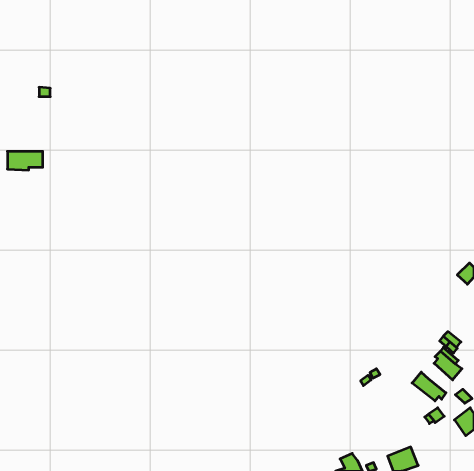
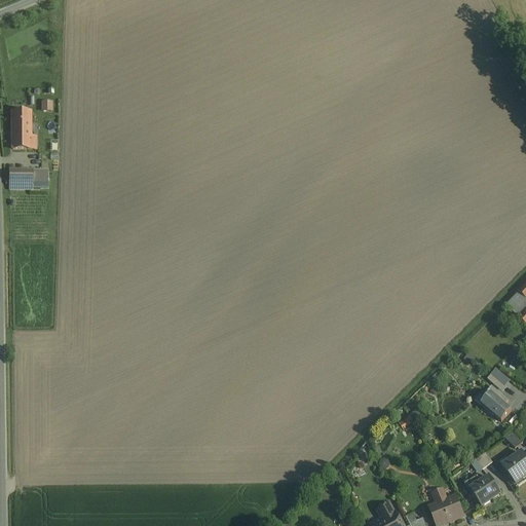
building: none -> [10,109,35,147]
building: [412,372,446,401] -> none
building: none -> [469,475,500,504]

